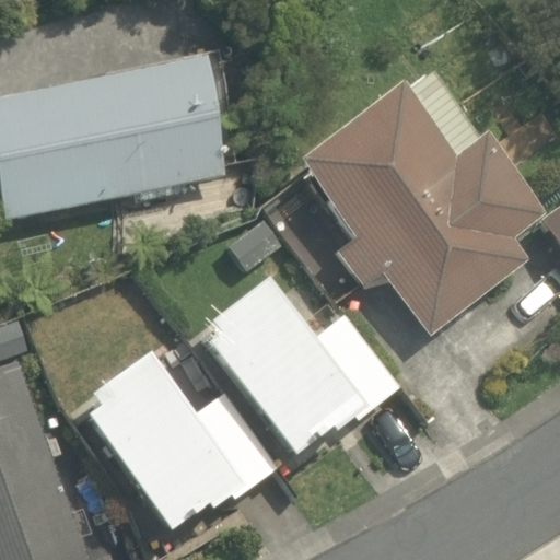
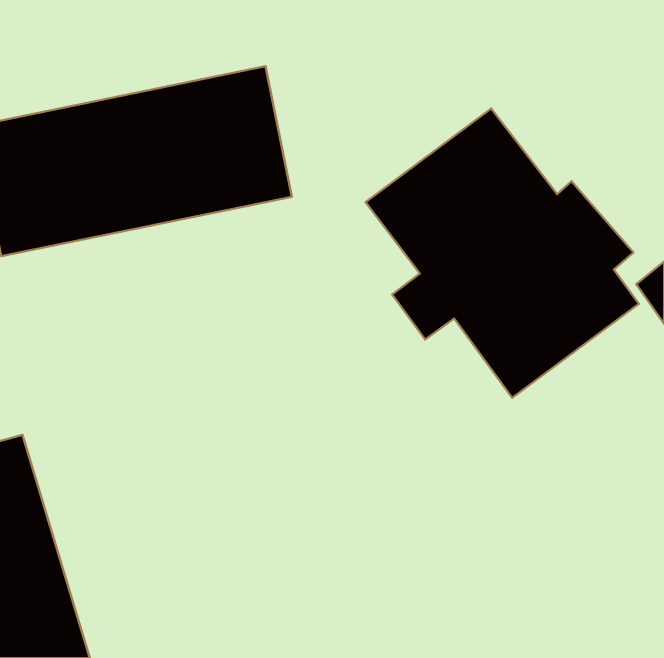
building: [205,273,389,452] -> none
building: [89,369,273,537] -> none

